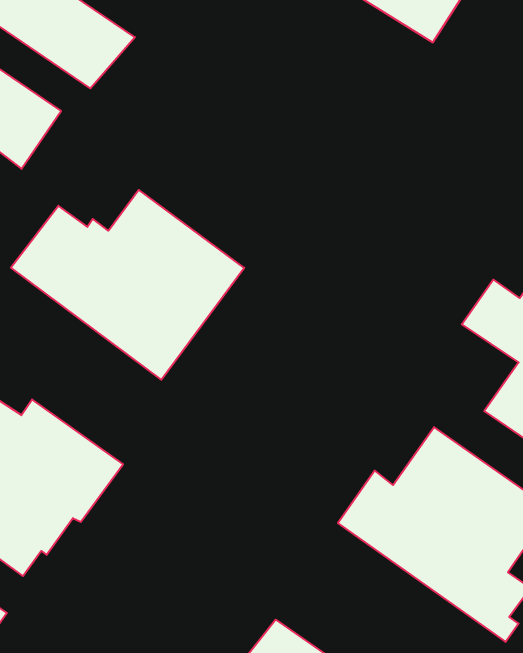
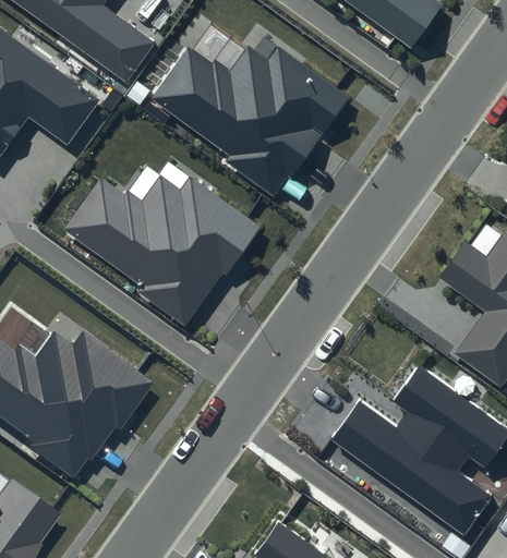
building: none -> [150,46,347,198]

